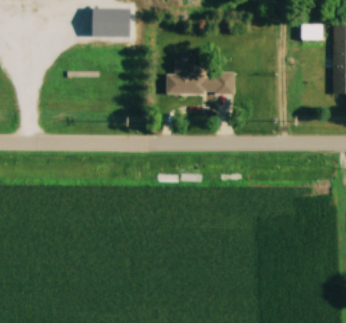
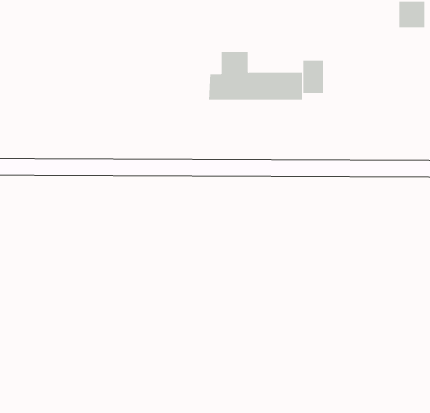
building: none -> [303,60,323,94]

